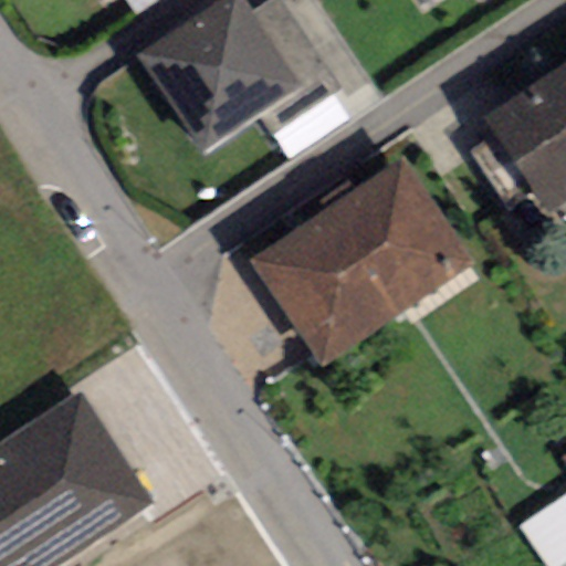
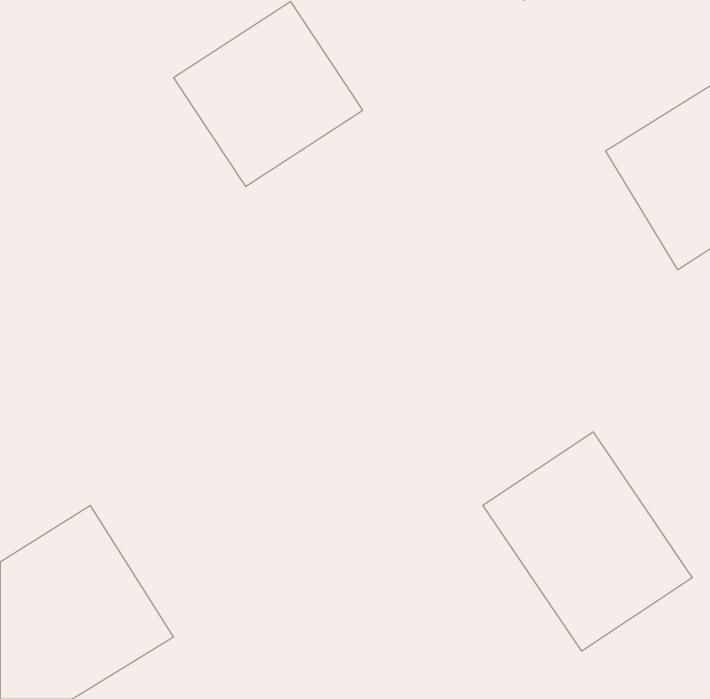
building: [256,169,464,360] -> none
building: none -> [483,432,692,651]

